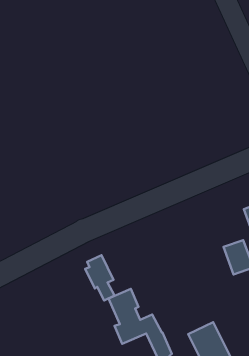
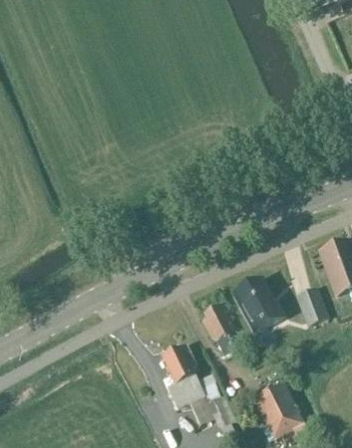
building: none -> [233,276,282,330]
building: [85,255,114,300] -> [202,301,236,355]

